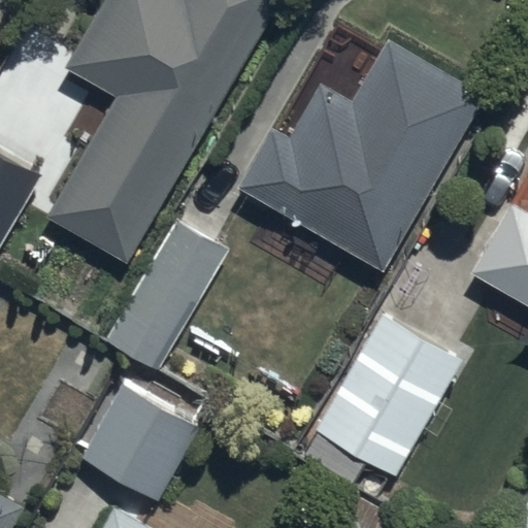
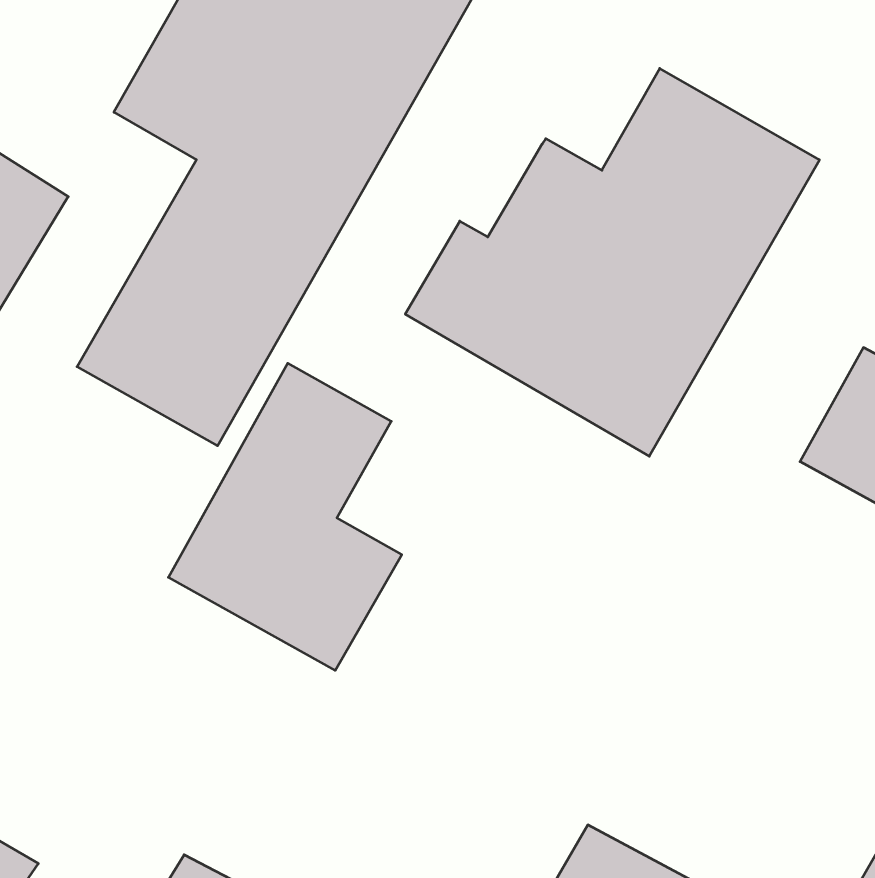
building: [295,301,462,476] -> none
building: [75,381,200,500] -> none

